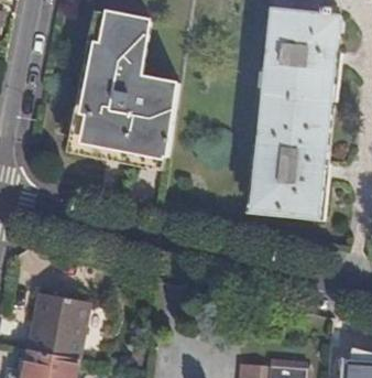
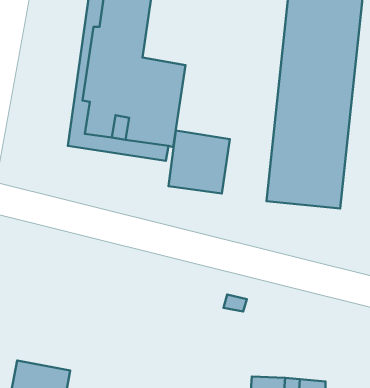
building: none -> [169,130,230,194]
building: [30,293,88,357] -> none

